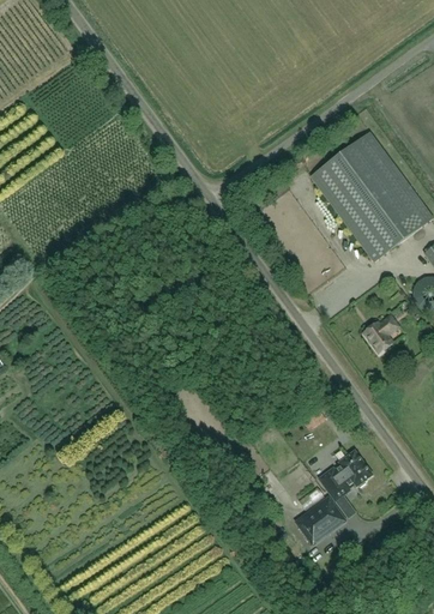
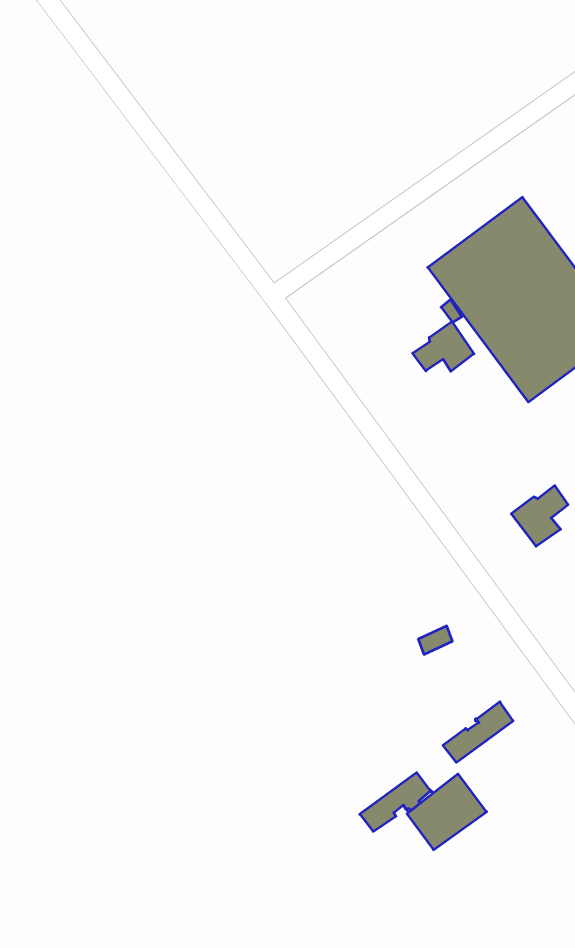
building: none -> [413,322,474,371]
building: [327,463,373,500] -> [360,773,432,831]

